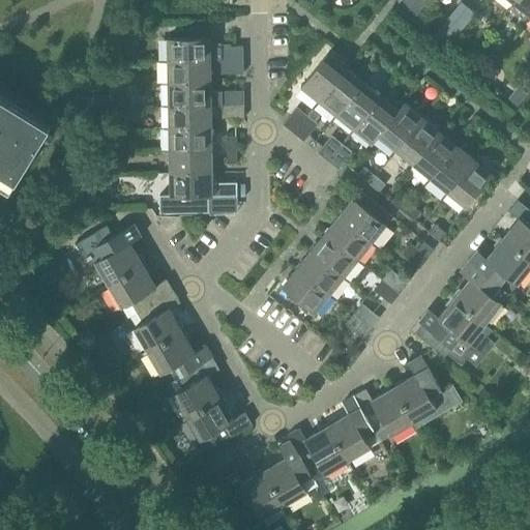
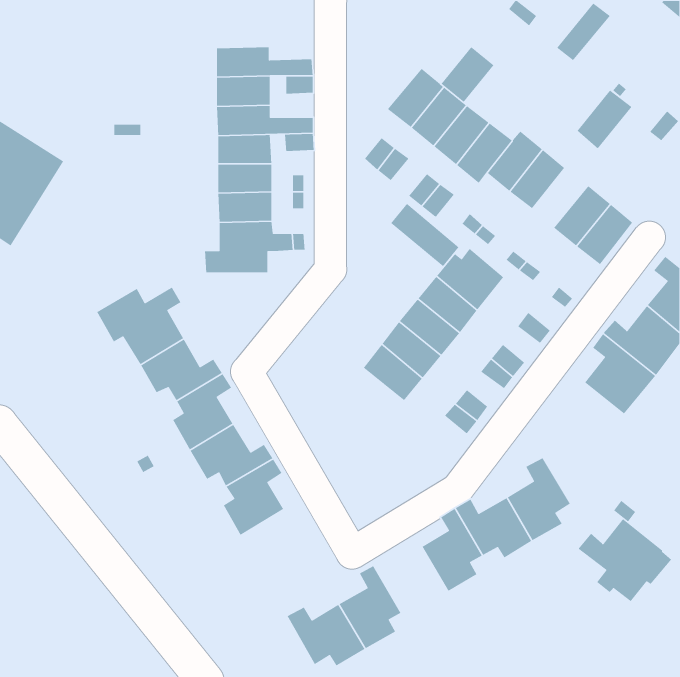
building: none -> [440,46,495,103]
building: [413,134,457,180] -> [576,89,632,149]
building: none -> [390,203,460,267]
building: [418,300,492,365] -> [577,518,672,602]
building: [186,399,252,448] -> none
building: [287,428,348,482] -> none

